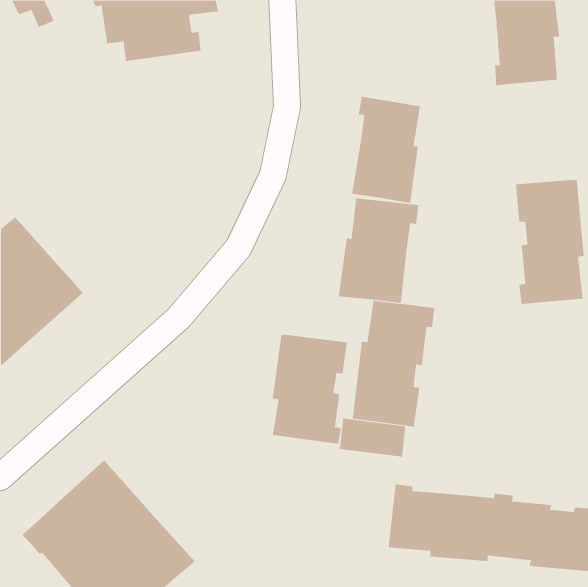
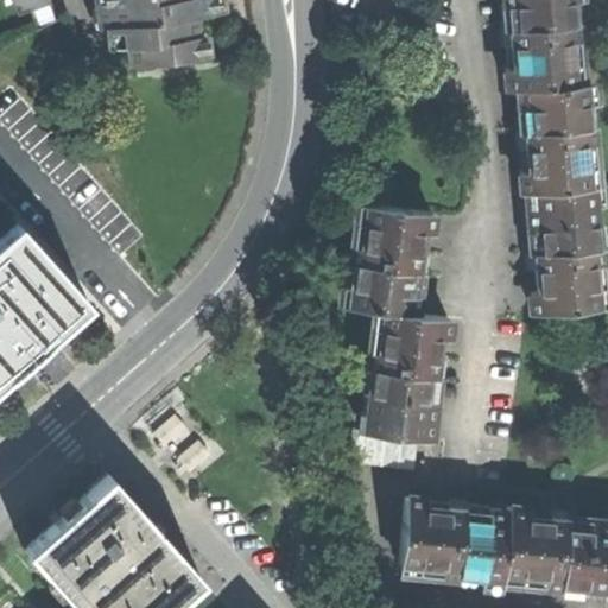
building: none -> [524,86,593,195]
building: [351,96,420,204] -> none
building: [272,334,348,445] -> none

